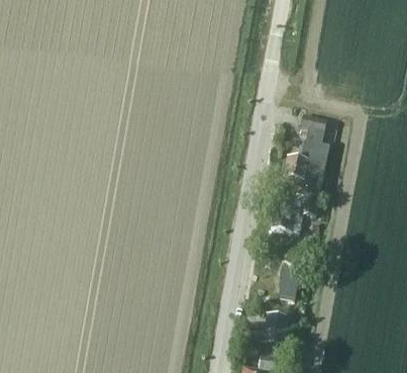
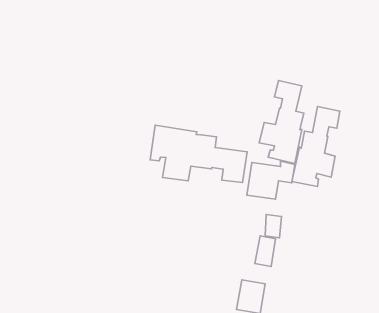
building: none -> [292,106,340,187]
building: none -> [150,125,247,183]

